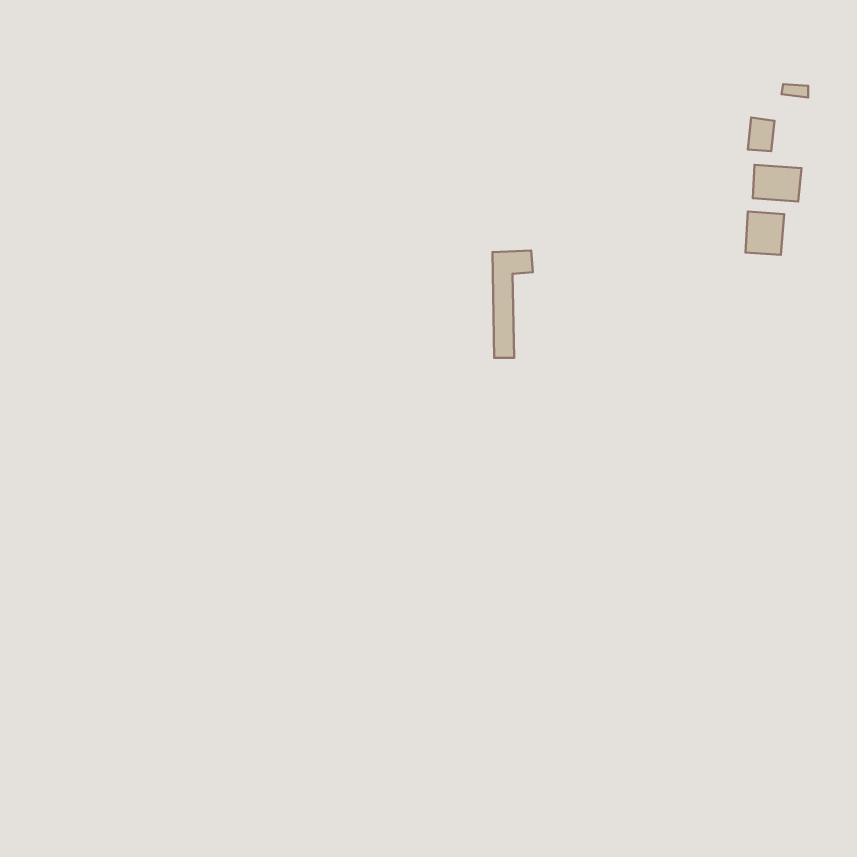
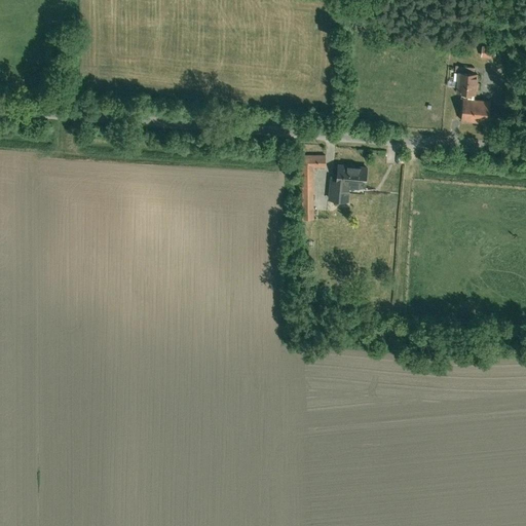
building: [746,211,784,255] -> none
building: none -> [336,164,367,194]

